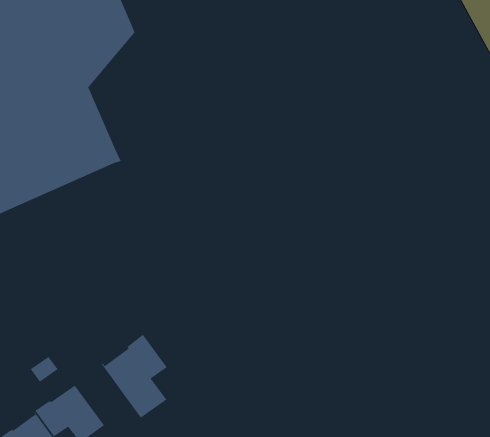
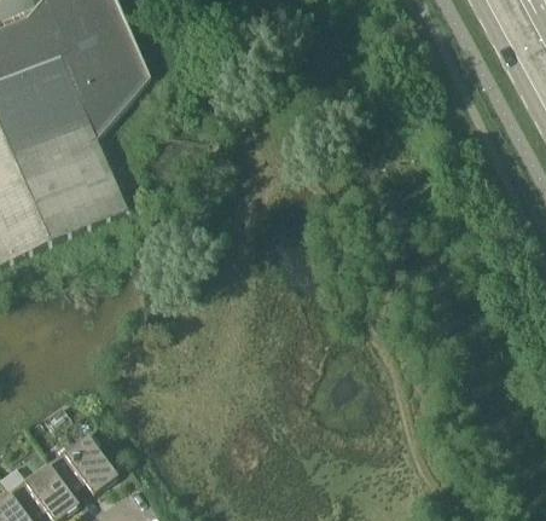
building: [101,334,167,418] -> none

